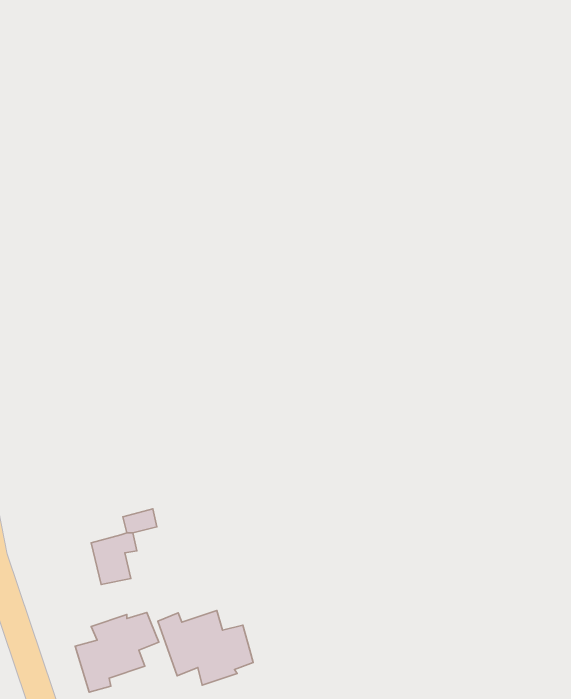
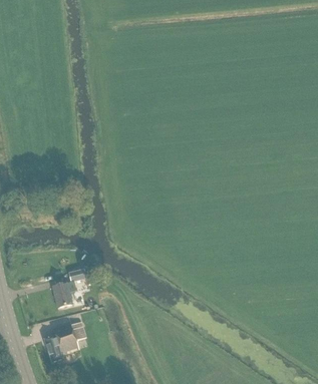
building: [158,611,253,685] -> none

